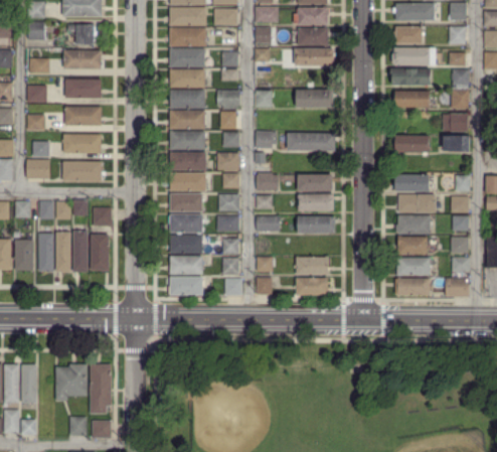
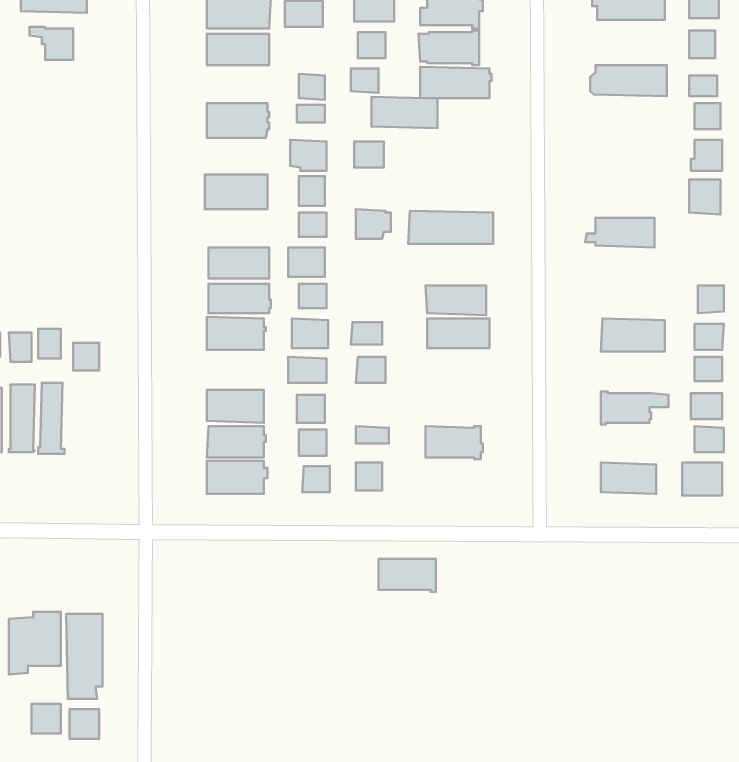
building: [396,26,425,44] -> none
building: [170,48,205,66] -> none
building: [62,50,99,68] -> none
building: [390,68,432,84] -> none
building: [64,79,100,98] -> none
building: [171,90,205,109] -> none
building: [296,90,334,108] -> [372,97,437,128]
building: [395,91,431,107] -> none
building: [64,107,101,125] -> none
building: [170,131,206,149] -> none
building: [60,135,100,153] -> none
building: [444,135,470,152] -> none
building: [59,161,100,180] -> none
building: [258,172,279,190] -> none
building: [395,174,430,192] -> none
building: [170,214,204,233] -> none
building: [396,214,432,234] -> none
building: [297,216,335,233] -> none
building: [90,235,107,270] -> none
building: [397,255,430,275] -> none
building: [296,277,329,296] -> [378,559,436,592]

